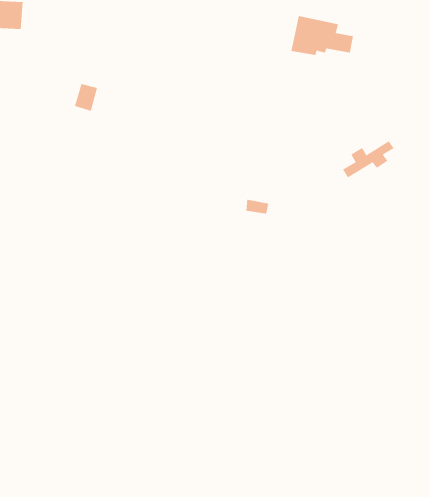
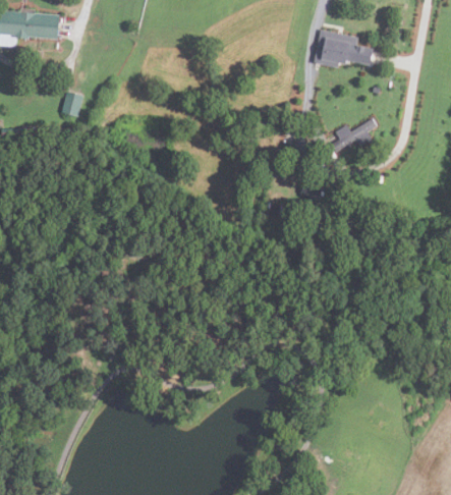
building: [74,83,98,111] -> [61,91,83,117]
building: [342,141,395,178] -> [328,118,378,154]

